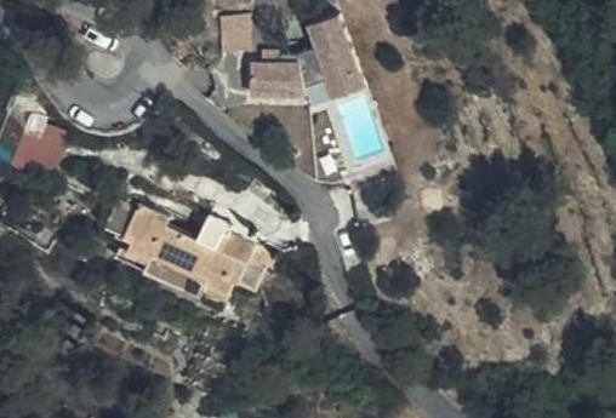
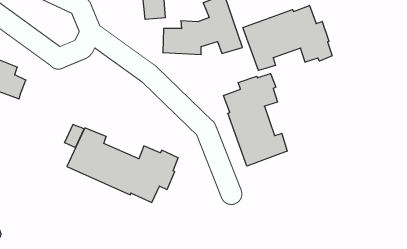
building: none -> [243,5,332,70]
building: none -> [223,74,287,166]

